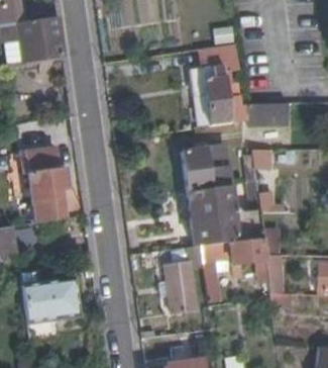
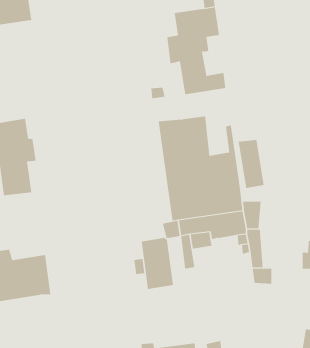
building: [244,102,288,126] -> none

